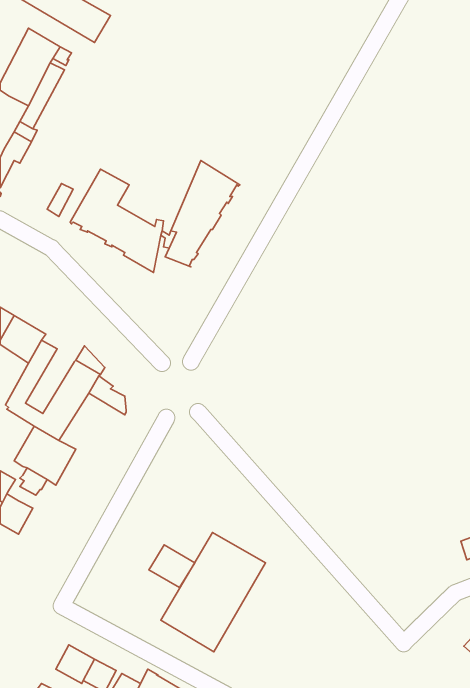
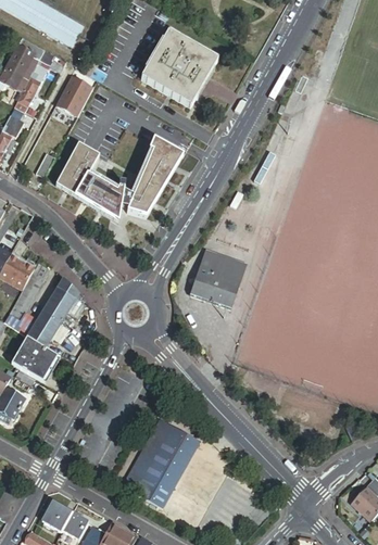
building: none -> [141,30,217,106]
building: none -> [61,67,92,104]
building: none -> [191,250,245,308]
building: [149,545,195,588] -> none

